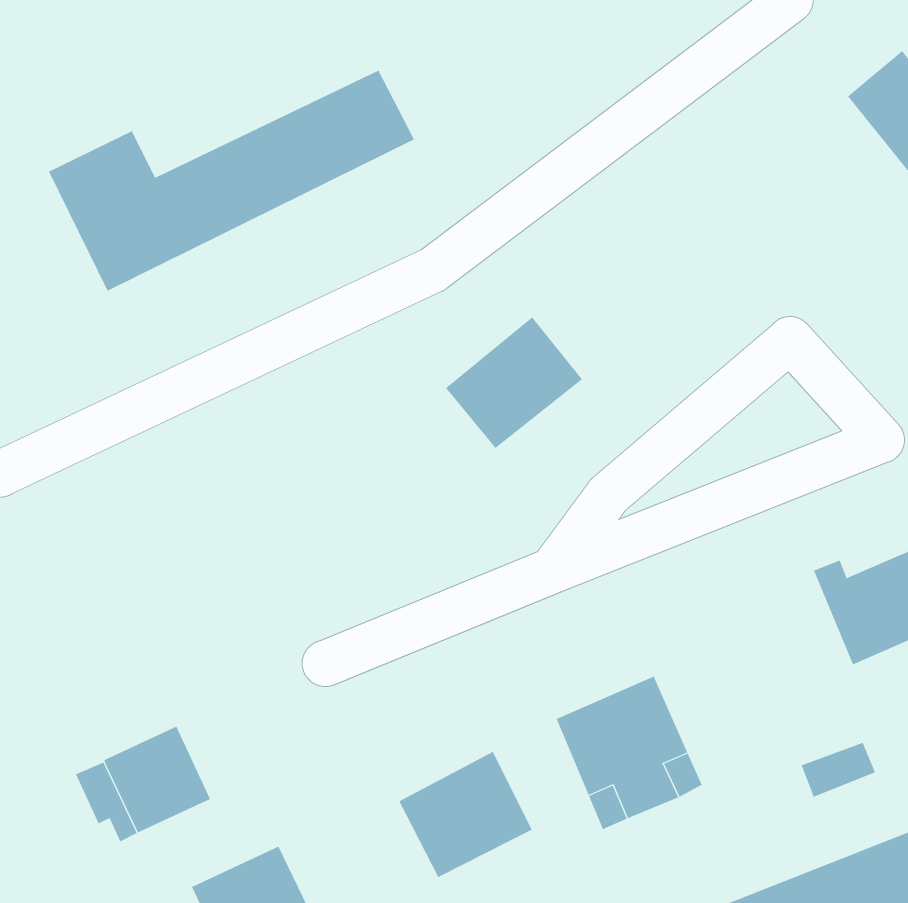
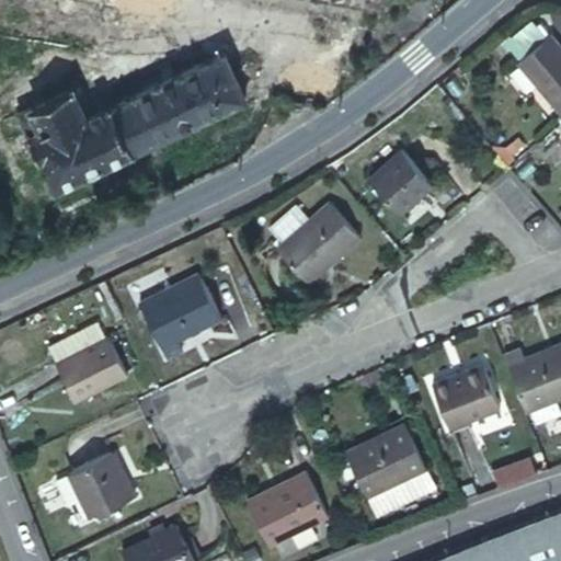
building: none -> [370,152,435,217]
building: none -> [142,283,220,364]
building: none -> [55,336,126,401]
building: none -> [431,365,497,430]

